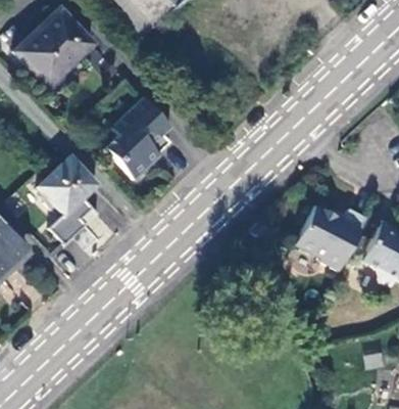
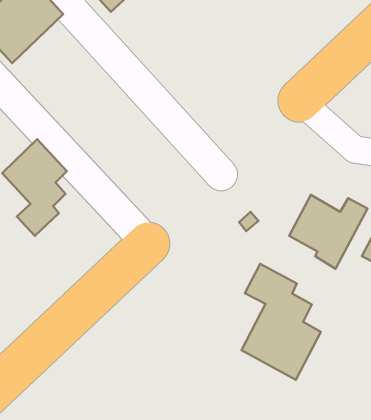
building: [103,96,170,179] -> none
building: none -> [241,264,321,380]

